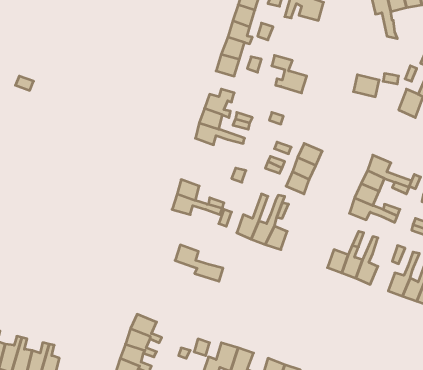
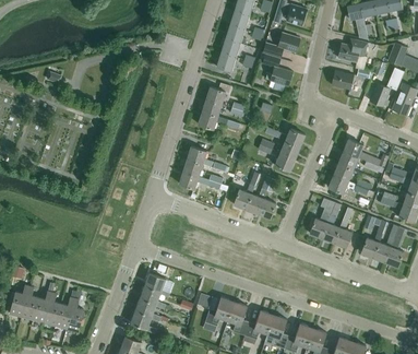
building: none -> [263,33,300,58]
building: none -> [338,40,368,63]
building: [175,245,223,281] -> [187,146,227,177]

